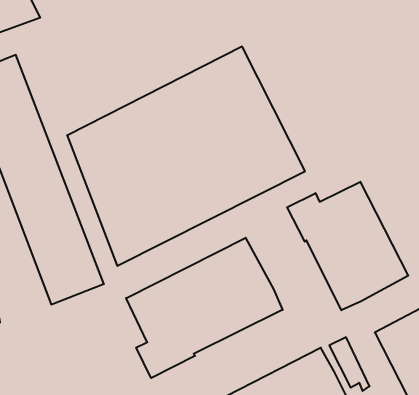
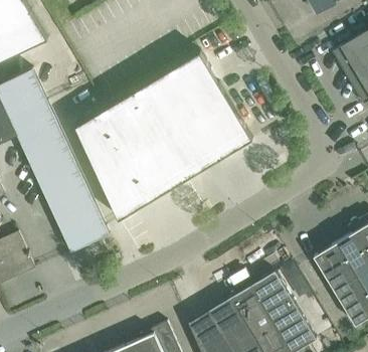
building: [287,182,408,310] -> none
building: [126,238,283,378] -> none

